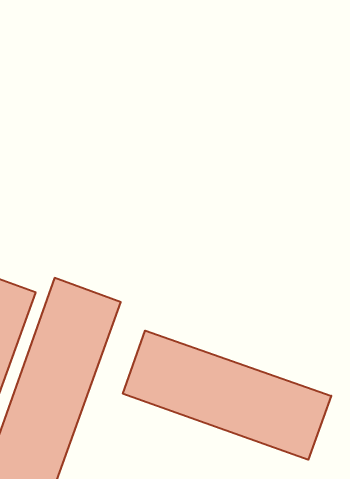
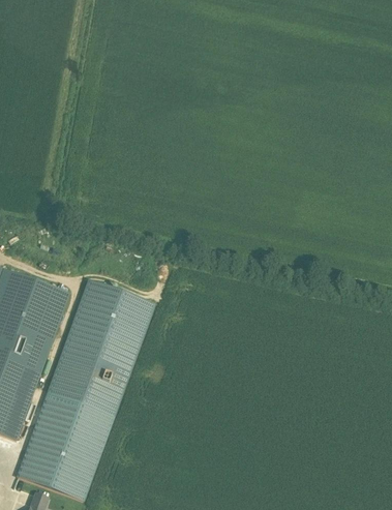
building: [123,331,331,460] -> none

